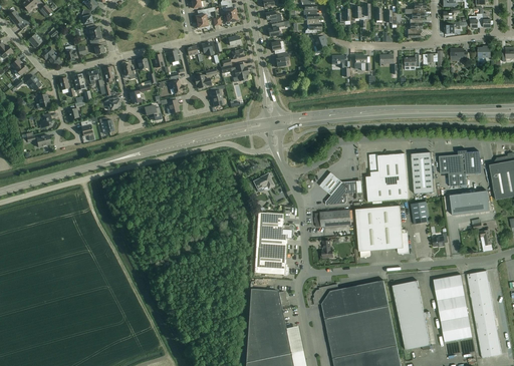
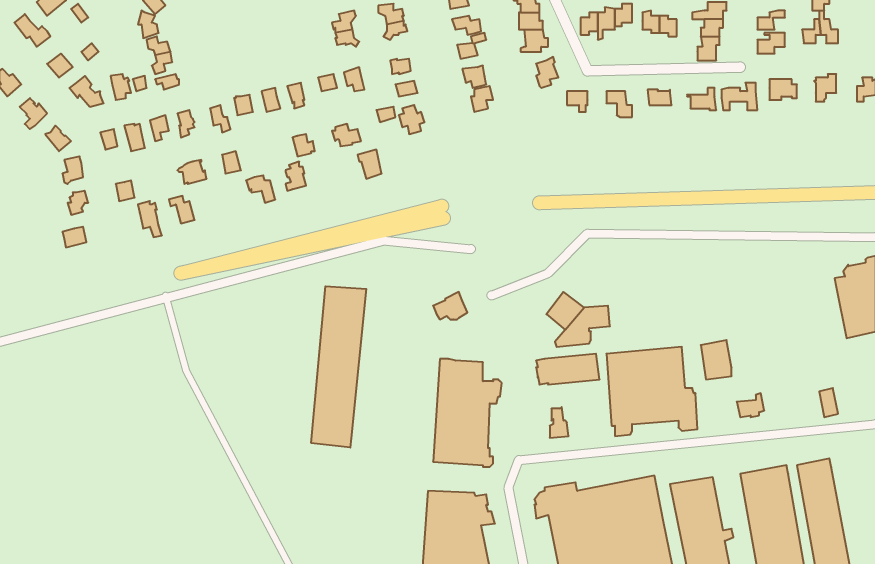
building: [439,149,481,186] -> none
building: [411,151,434,194] -> none
building: [365,152,409,202] -> none
building: none -> [311,286,366,448]
building: [450,191,490,215] -> none

